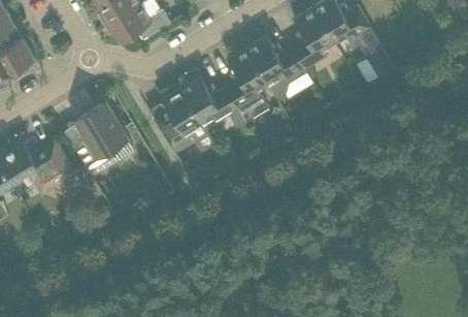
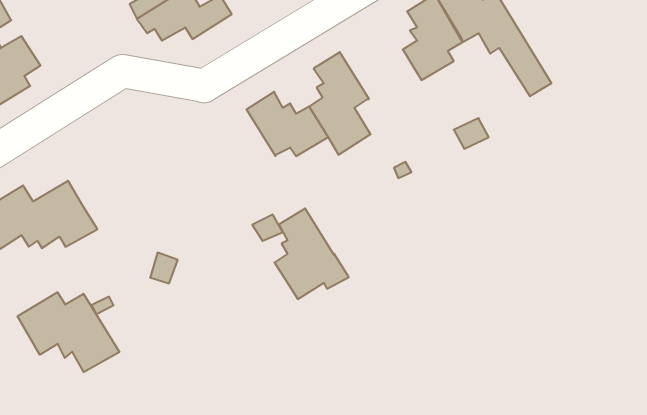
building: [245,35,306,98] -> none
building: [158,88,210,152] -> [274,208,349,299]
building: [72,101,133,175] -> none
building: none -> [18,292,119,372]

